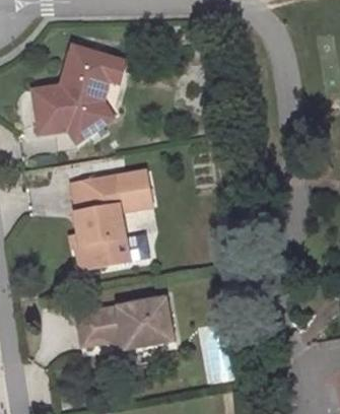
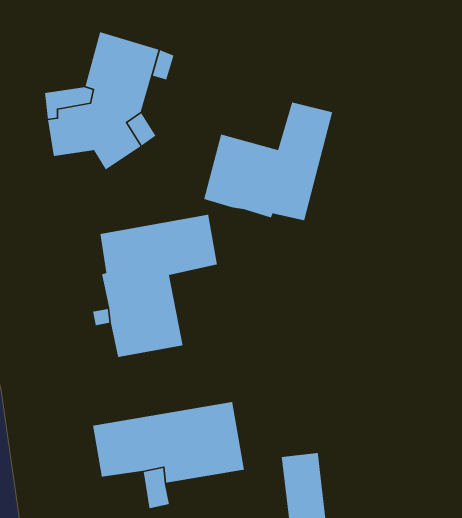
building: none -> [203,101,333,221]

